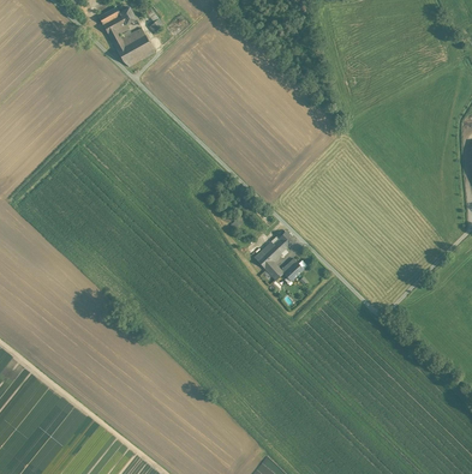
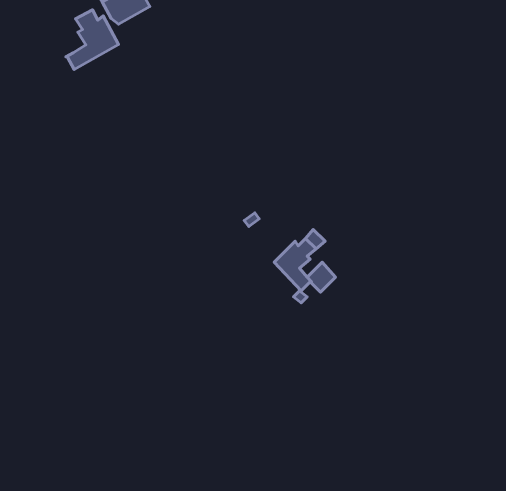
building: none -> [66,10,118,70]

